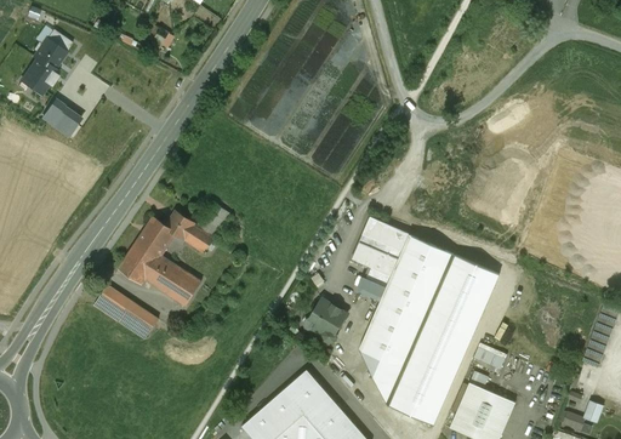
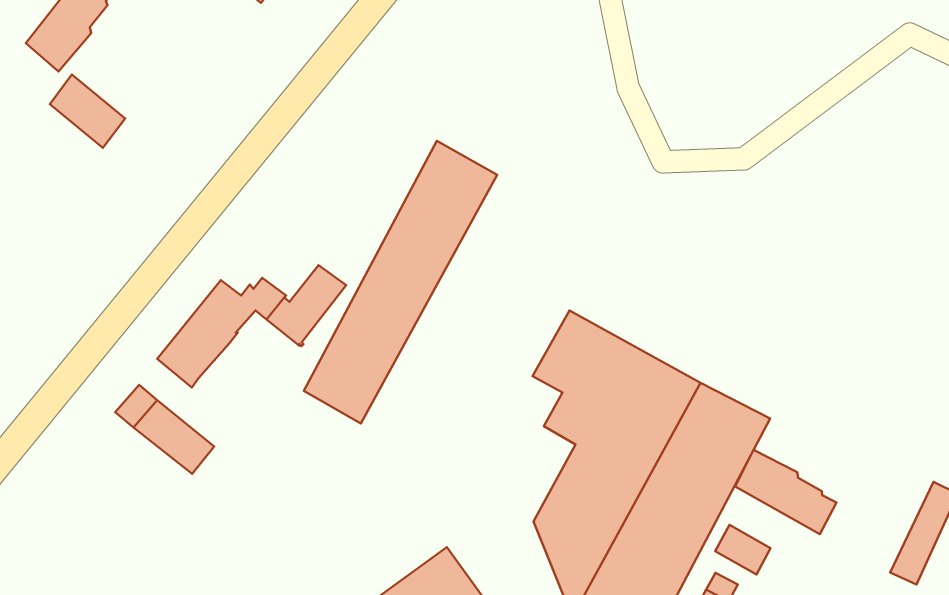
building: none -> [304,141,497,423]
building: [143,256,200,306] -> none
building: none -> [735,450,837,534]
building: [303,300,344,342] -> none

